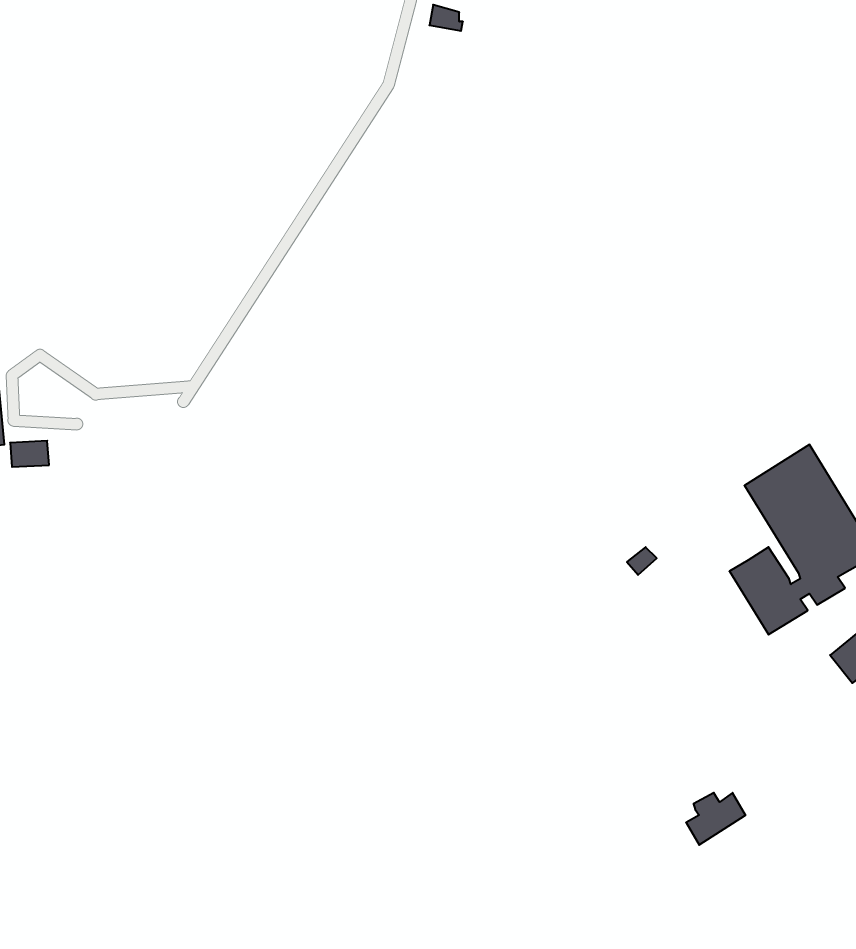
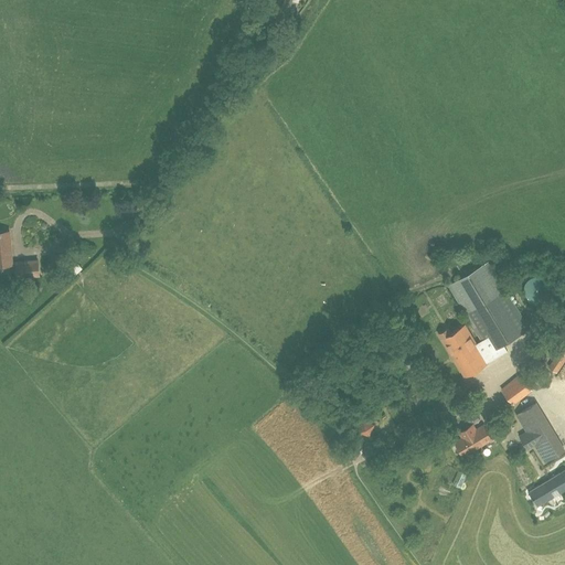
building: [686,793,746,845] -> [455,426,490,457]

